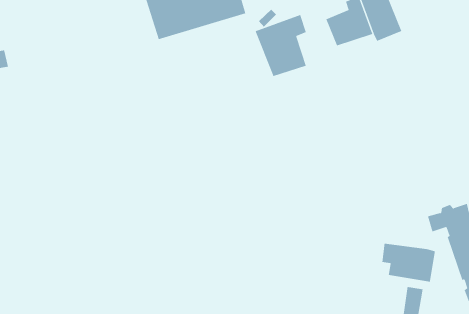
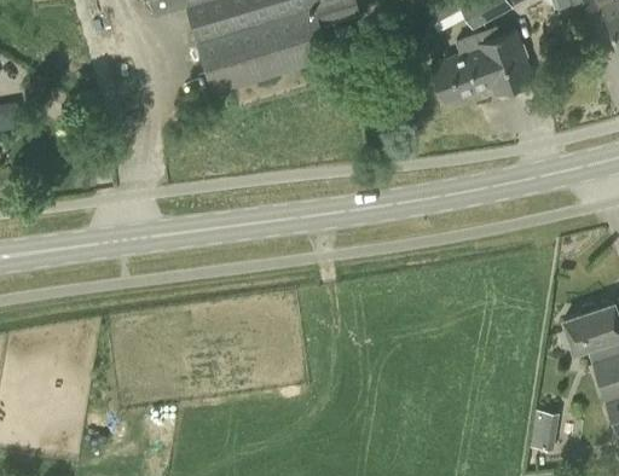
building: [255,14,307,77] -> none
building: [382,243,436,283] -> none

